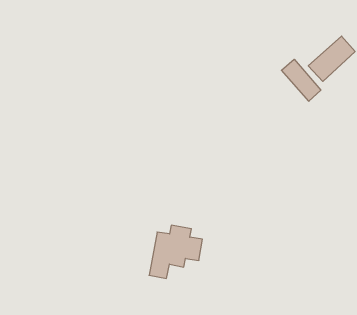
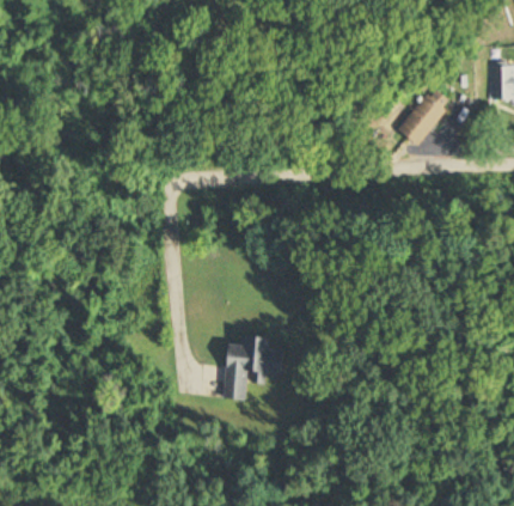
building: [281,59,321,101] -> none

